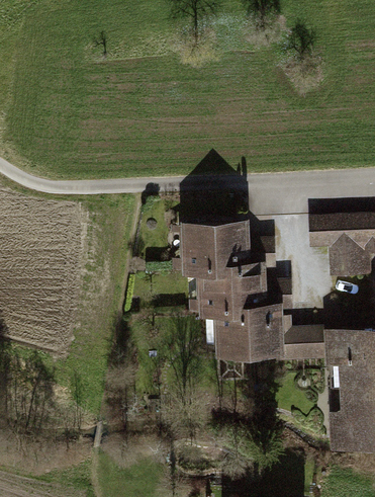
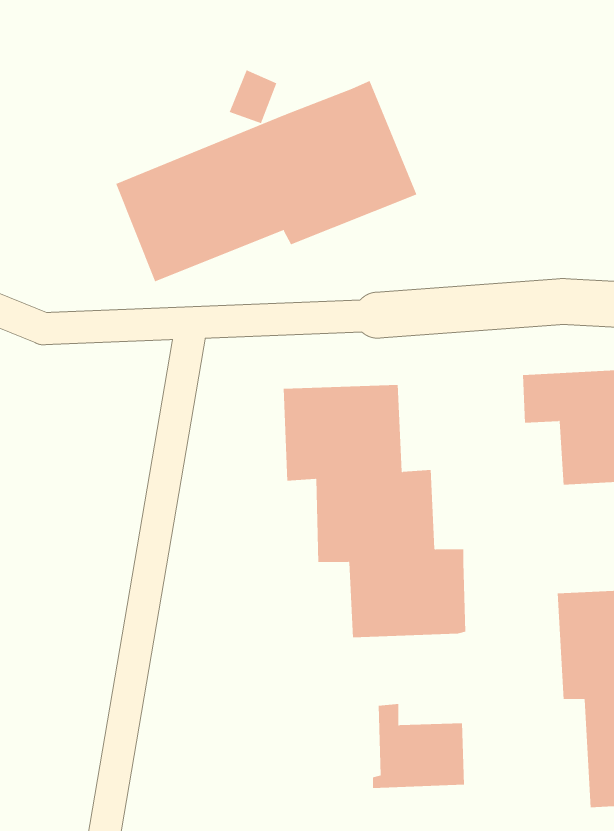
building: none -> [116,80,417,282]
building: [277,318,325,362] -> [372,704,465,789]

